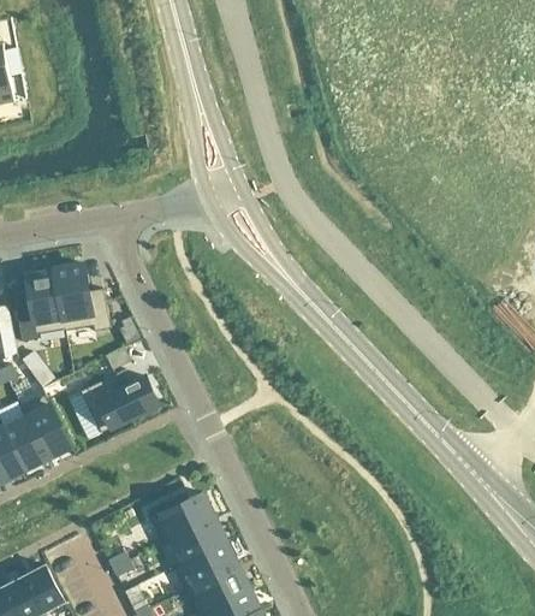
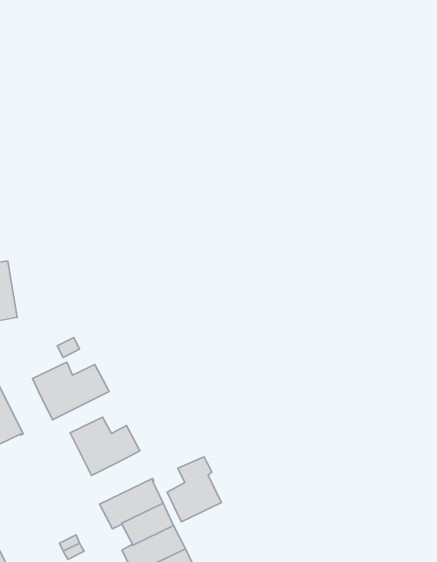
building: [53,265,109,331] -> none
building: none -> [70,417,140,475]
building: none -> [167,457,221,522]

